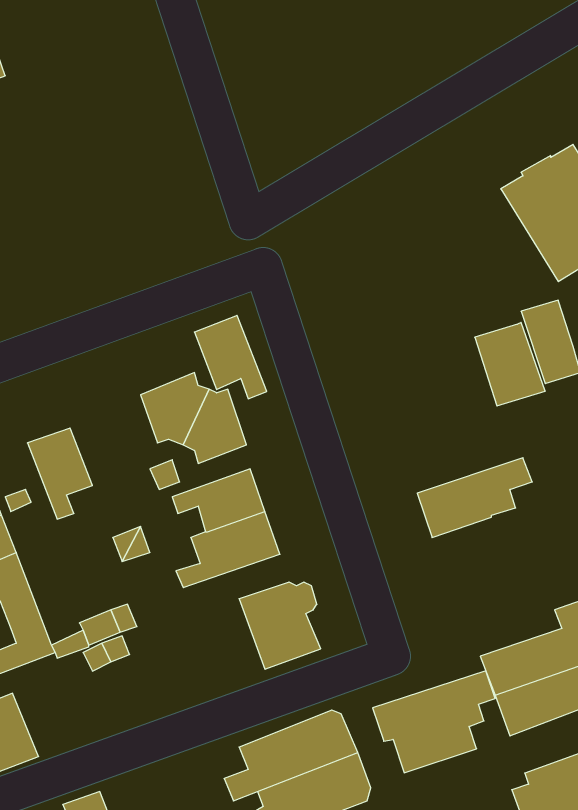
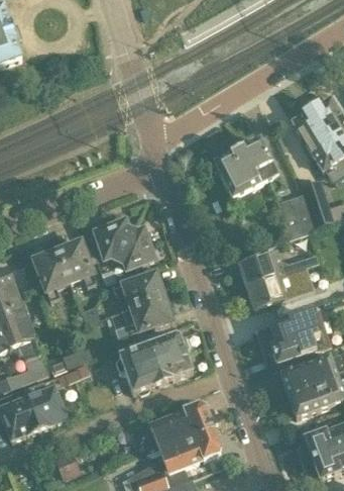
building: none -> [213,136,283,197]
building: [194,315,267,399] -> [56,239,96,285]
building: none -> [237,248,317,284]
building: none -> [115,341,162,392]
building: [373,671,495,773] -> [259,307,326,363]
building: none -> [25,382,68,427]

